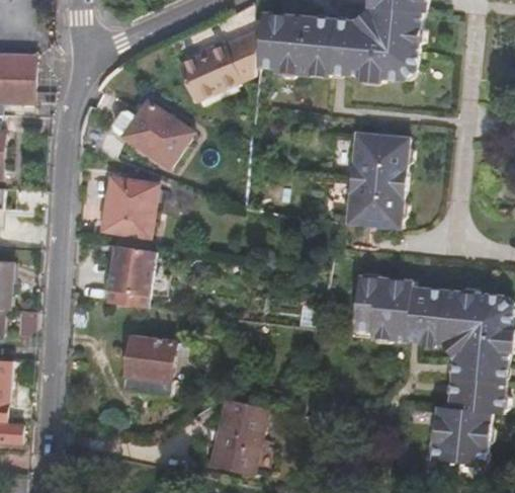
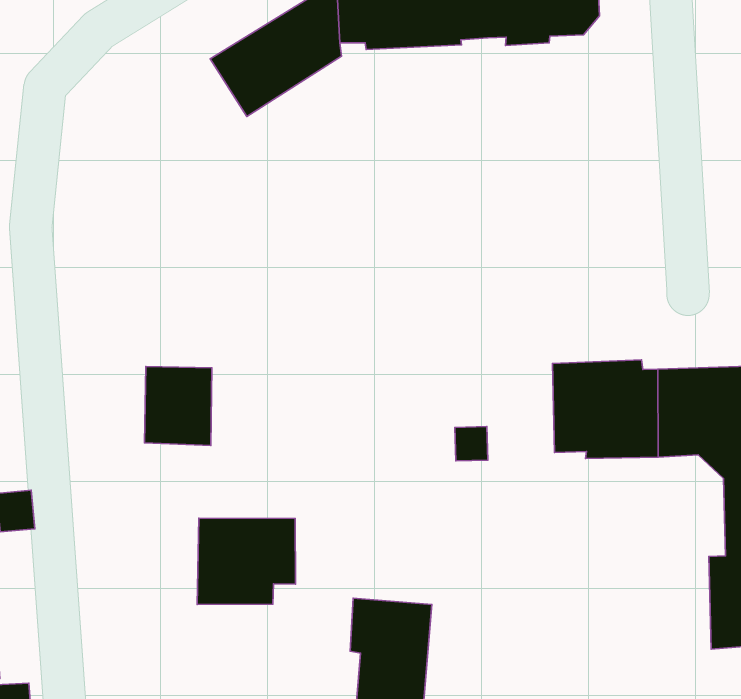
building: [123,100,193,167] -> none
building: [348,134,411,226] -> none
building: [105,180,156,237] -> none

